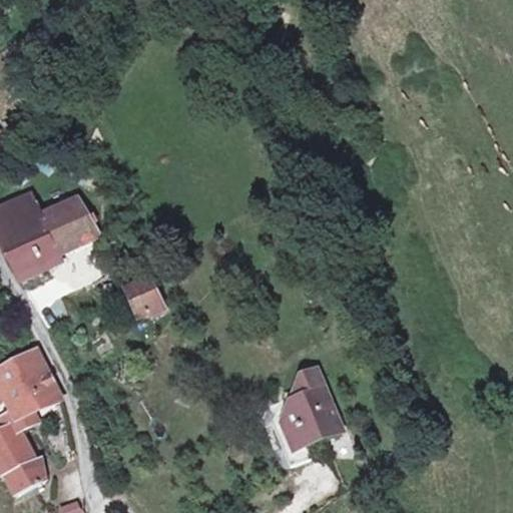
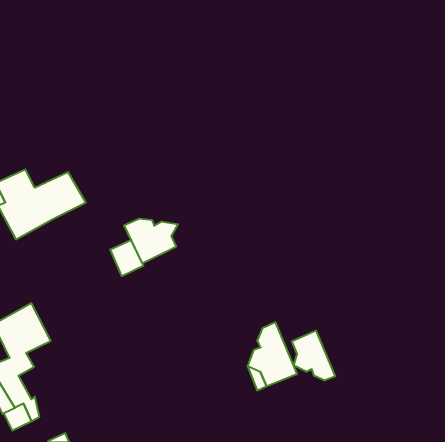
building: none -> [124,218,178,263]
building: none -> [292,330,335,381]

